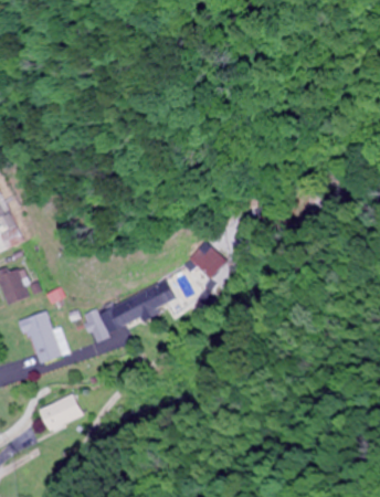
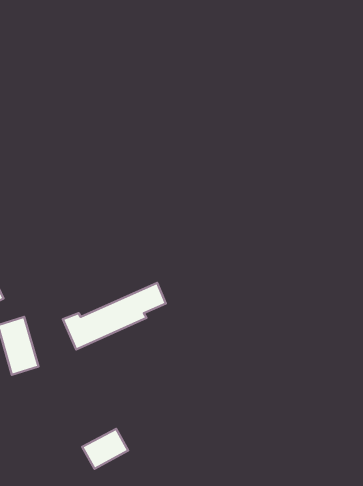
building: [190,242,226,278] -> none
building: [38,393,80,430] -> [82,429,128,469]

